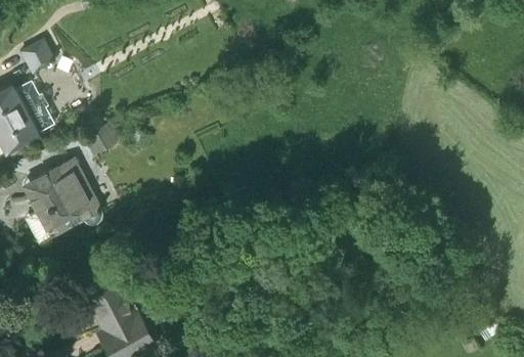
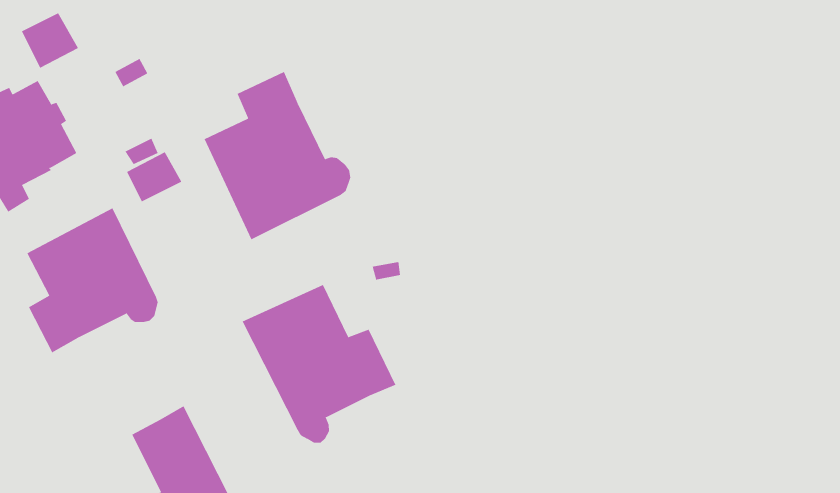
building: none -> [204,71,351,240]
building: none -> [242,284,396,444]

